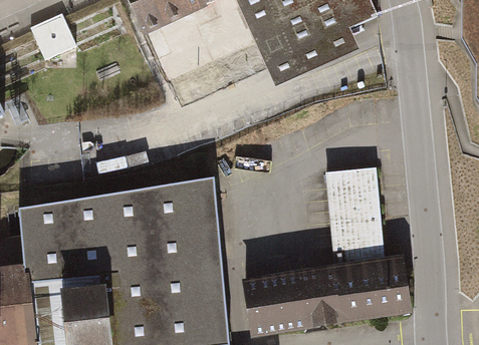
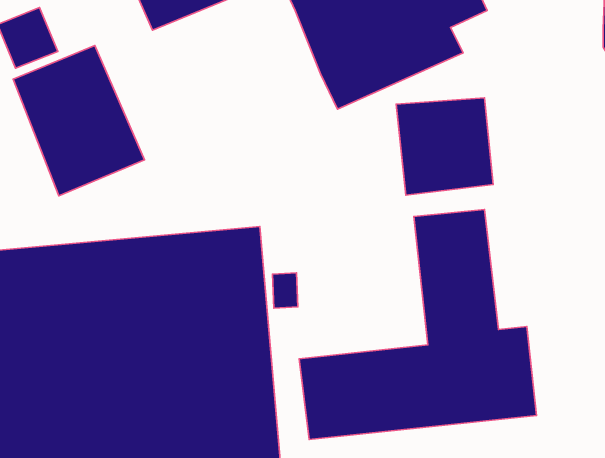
building: none -> [13,46,145,196]
building: none -> [396,98,493,195]

